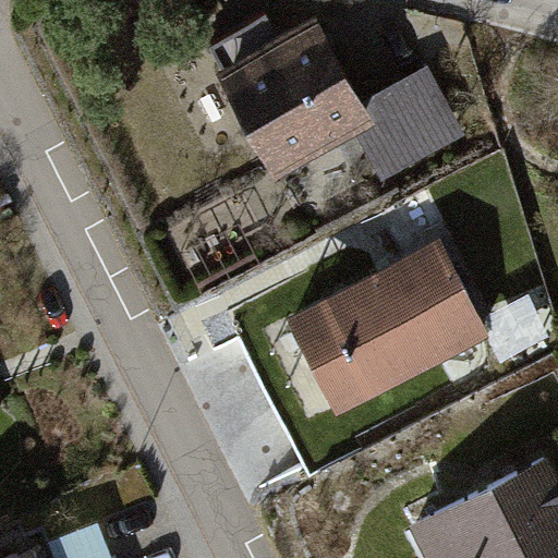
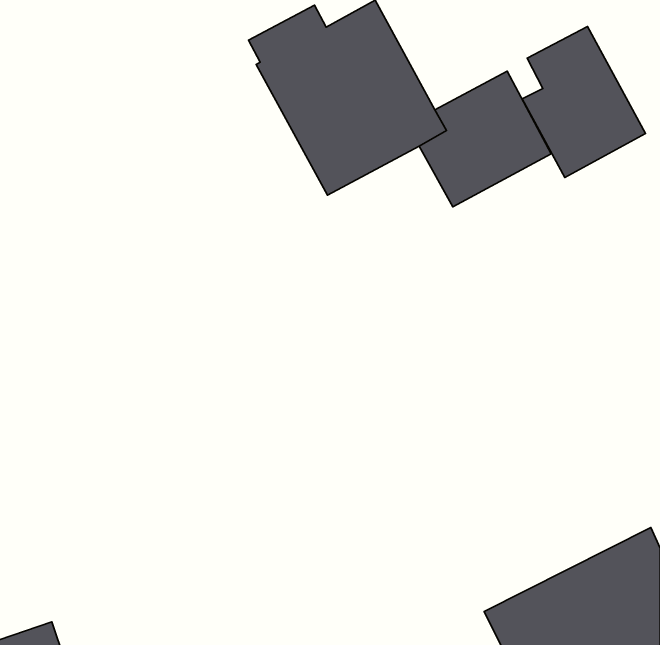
building: none -> [522,26,645,178]
building: [287,241,488,416] -> none

